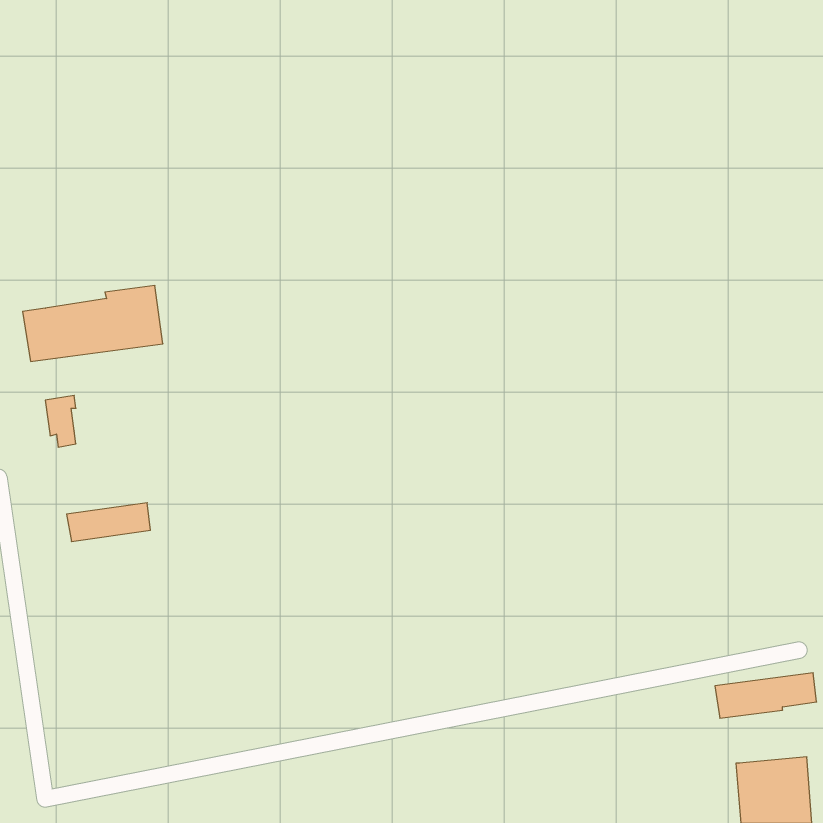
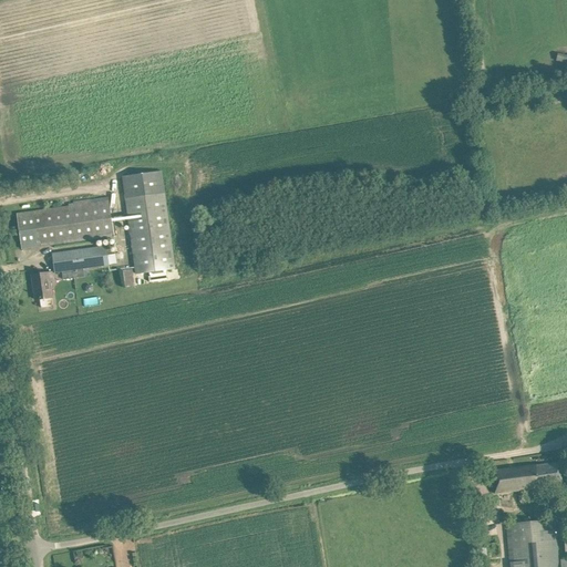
building: none -> [122,169,174,274]
building: [67,503,150,542] -> [51,245,109,271]

